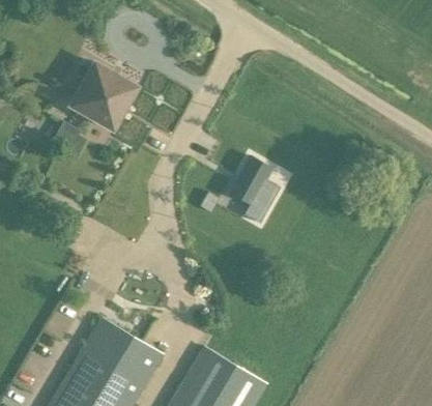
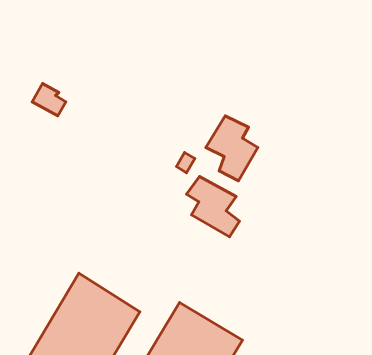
building: [69,63,137,130] -> none
building: none -> [186,176,240,237]

